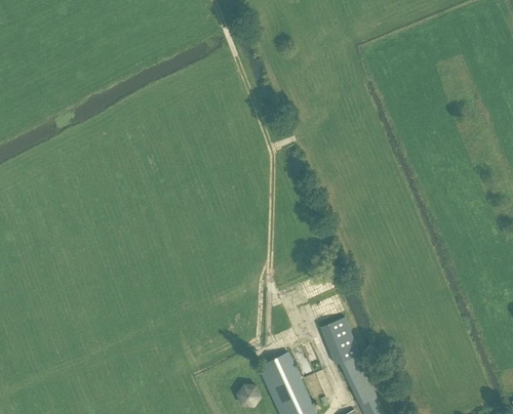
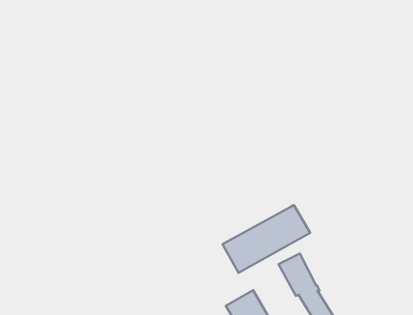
building: none -> [223,205,310,273]

